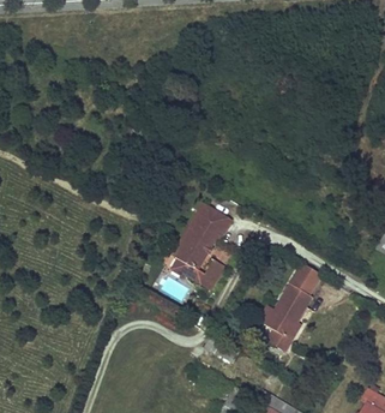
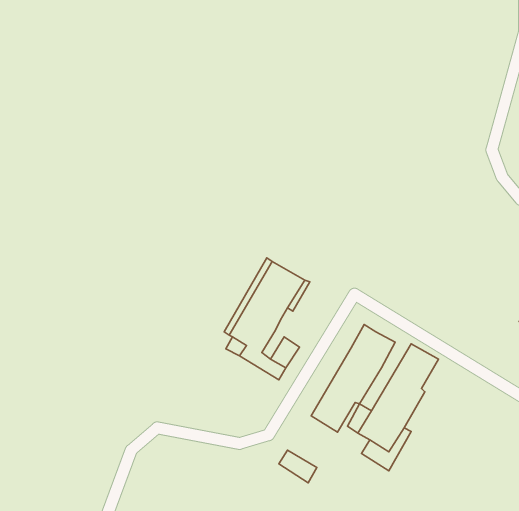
building: none -> [311,325,395,432]

